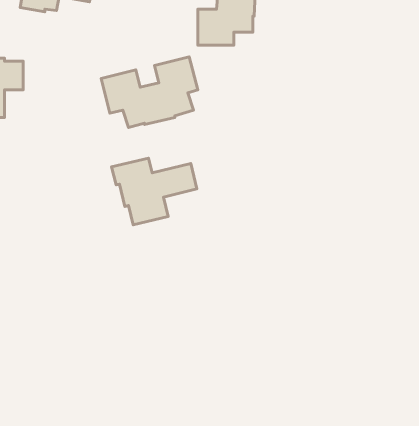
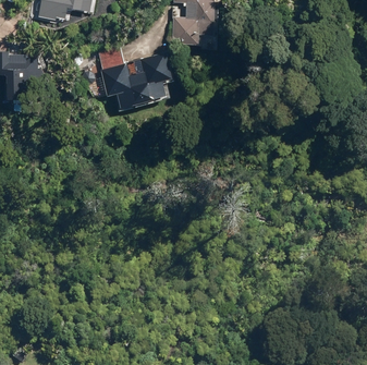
building: [112,158,197,225] -> none

